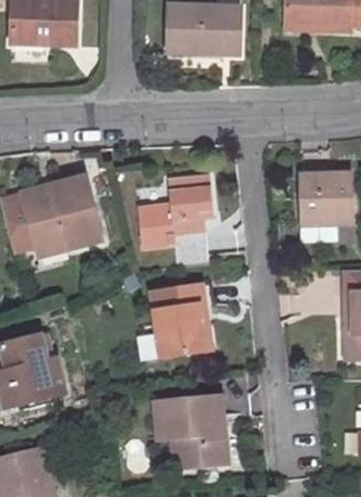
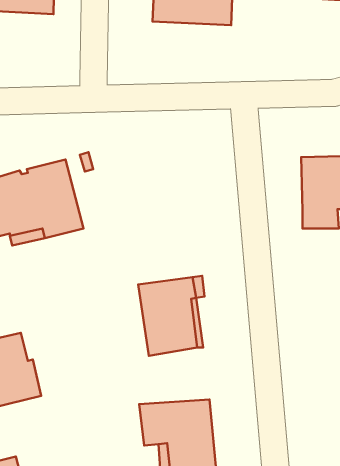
building: [157,175,212,265] -> none

